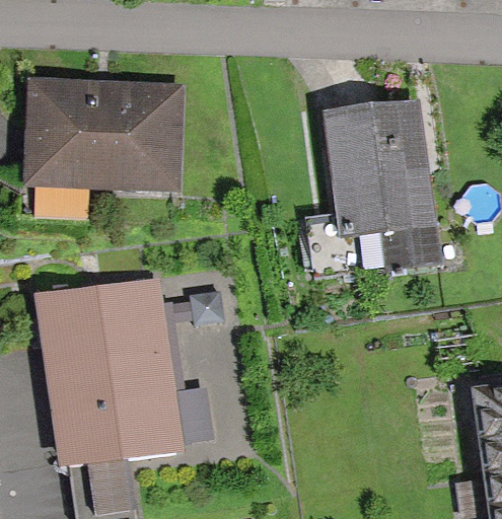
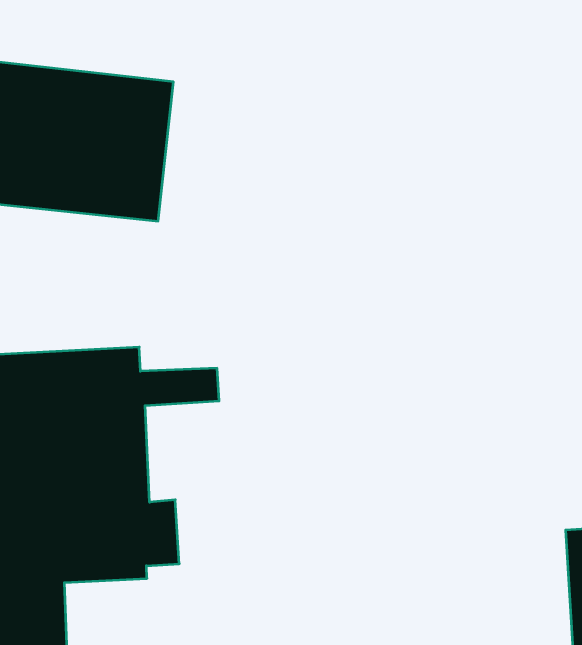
building: [322,95,442,268] -> none

